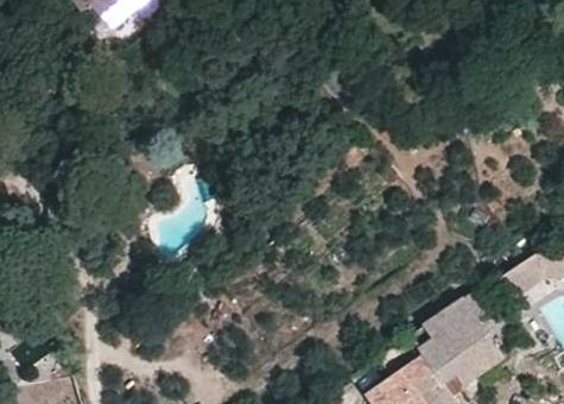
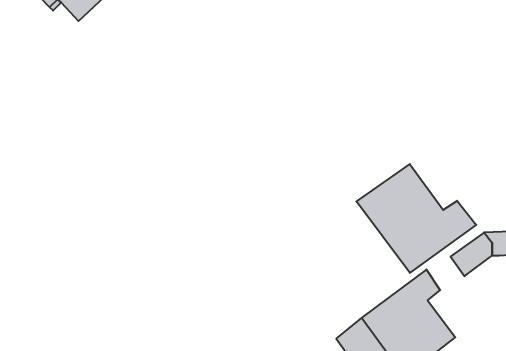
building: none -> [356,164,476,273]

